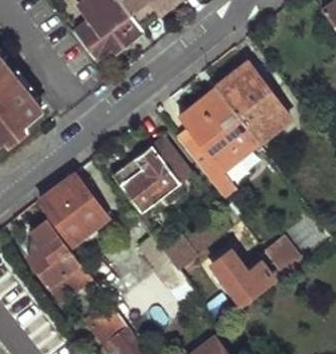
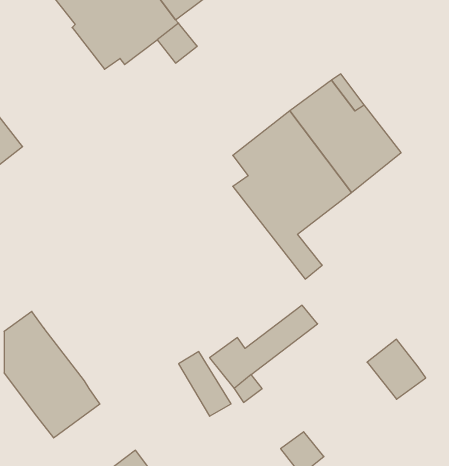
building: [115,135,194,211] -> none
building: [42,174,110,244] -> none
building: [213,250,286,304] -> none

